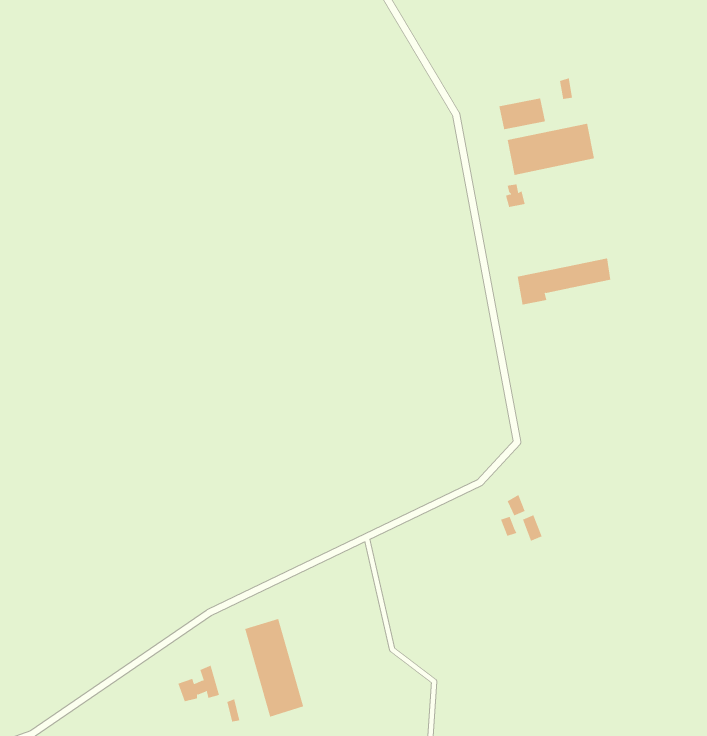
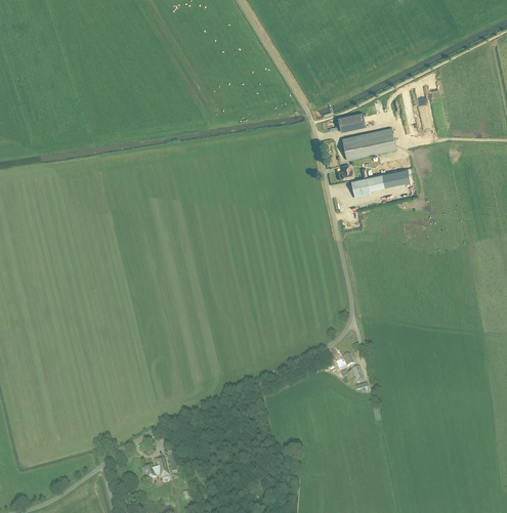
building: [517,258,611,305] -> [351,169,409,198]
building: [244,618,304,717] -> none

